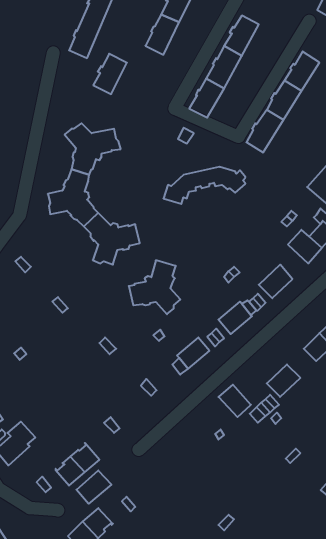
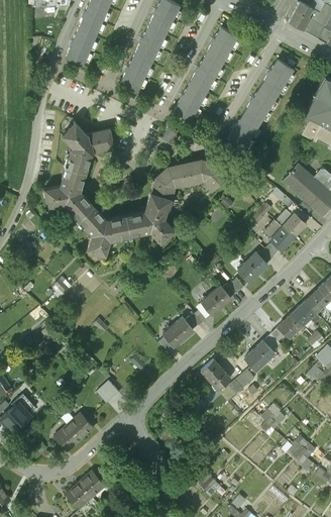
building: [93,54,127,94] -> [121,55,151,91]
building: [129,260,180,314] -> [126,192,173,240]
building: [76,470,111,504] -> none

